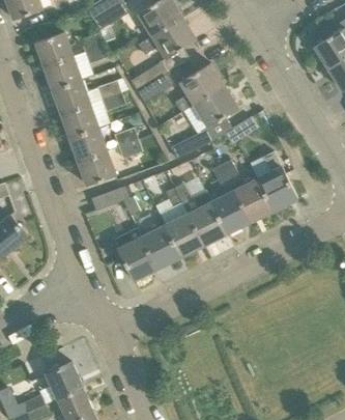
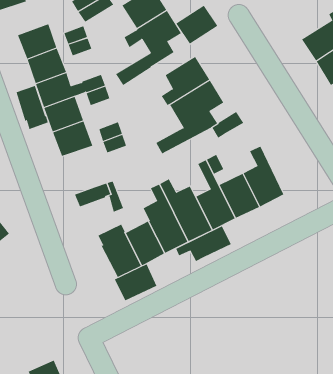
building: none -> [175,5,218,44]
building: none -> [16,85,49,130]
building: [78,151,117,186] -> none
building: none -> [175,225,232,262]
building: none -> [114,264,157,301]

